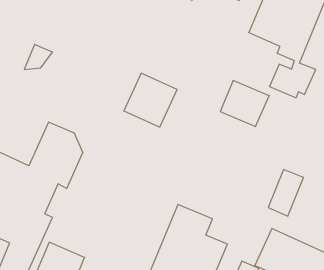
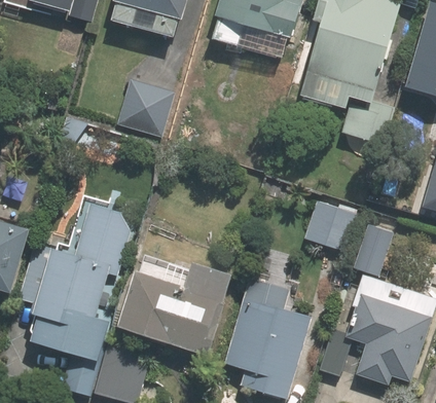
building: [124,73,177,127] -> [114,73,172,132]
building: [220,80,269,127] -> [303,203,357,252]
building: none -> [120,263,232,354]

